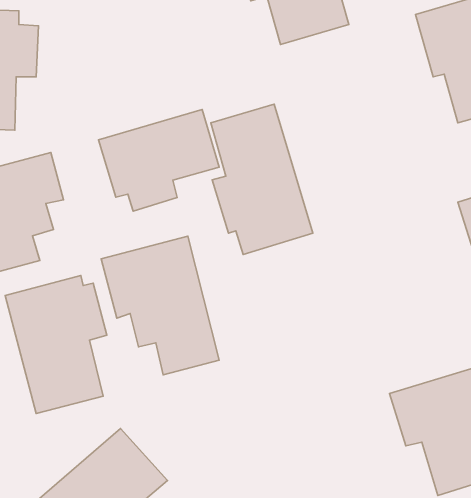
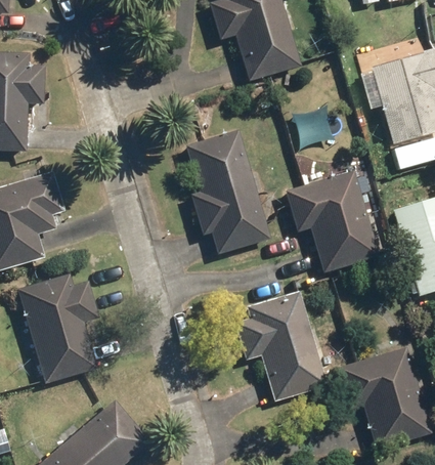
building: [99,109,219,211] -> none
building: none -> [285,172,379,273]
building: [101,236,219,375] -> none
building: none -> [235,291,328,397]

